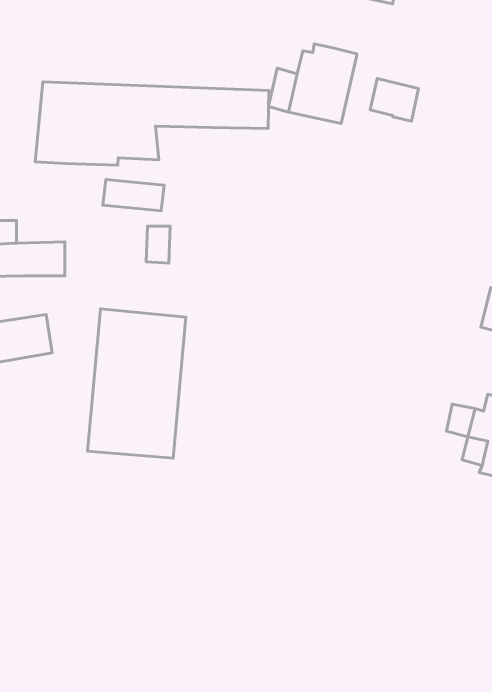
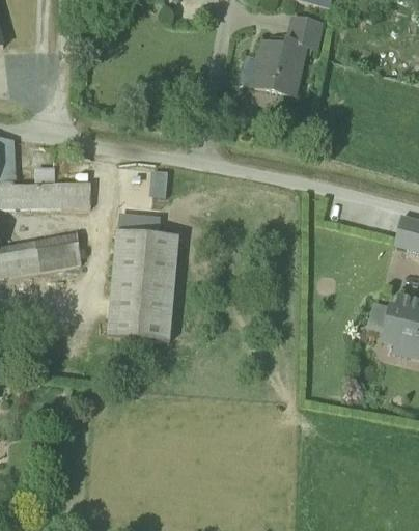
building: [370,79,419,121] -> [286,19,322,50]
building: [35,82,269,165] -> none
building: [103,180,164,211] -> [116,213,161,235]

